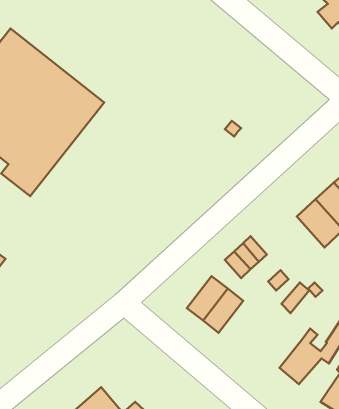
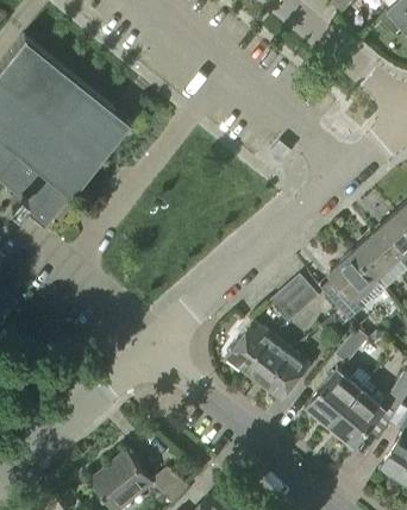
building: none -> [331,252,386,320]
building: none -> [263,350,309,401]
building: none -> [309,369,370,427]

